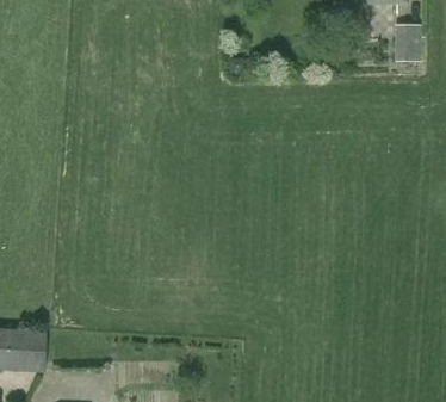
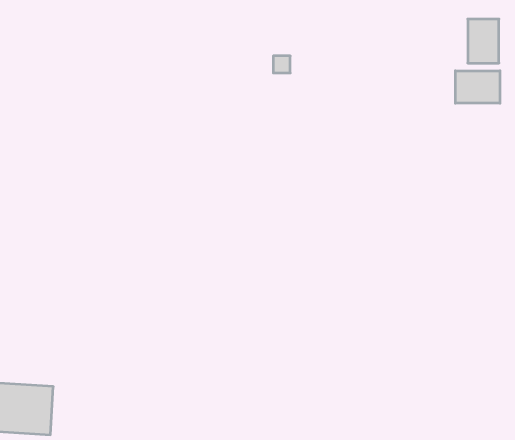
building: none -> [455,71,500,103]

